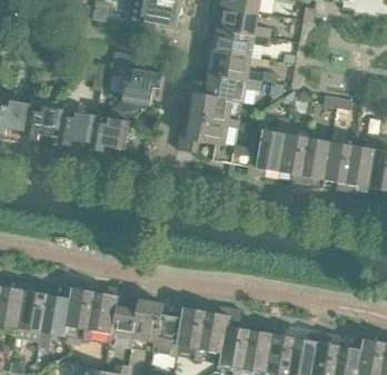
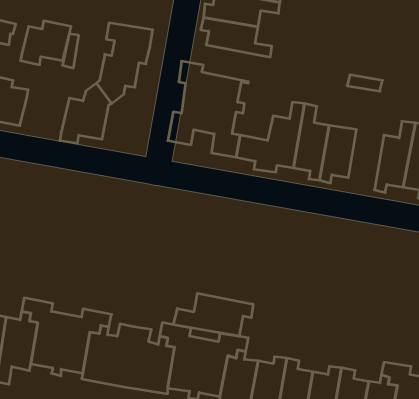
building: [188,72,260,102] -> none
building: [56,111,97,147] -> [20,21,71,65]
building: [324,141,353,190] -> none
building: none -> [173,293,253,336]

